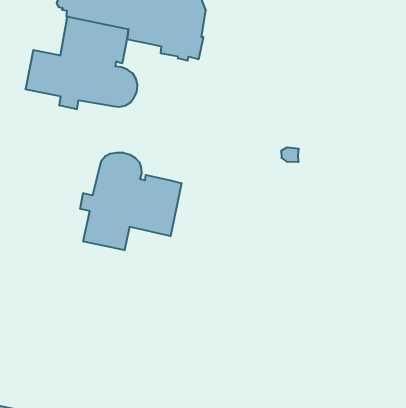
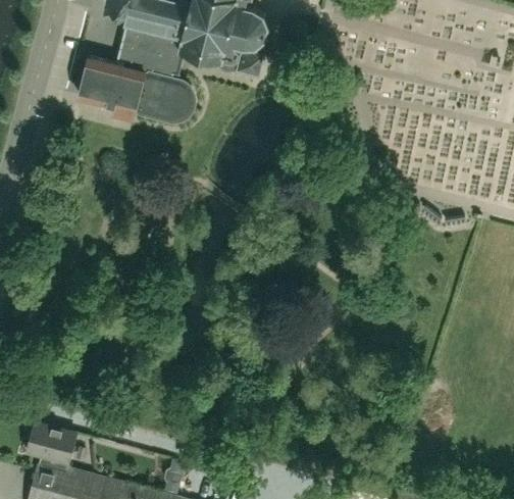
building: [80,152,181,250] -> none

